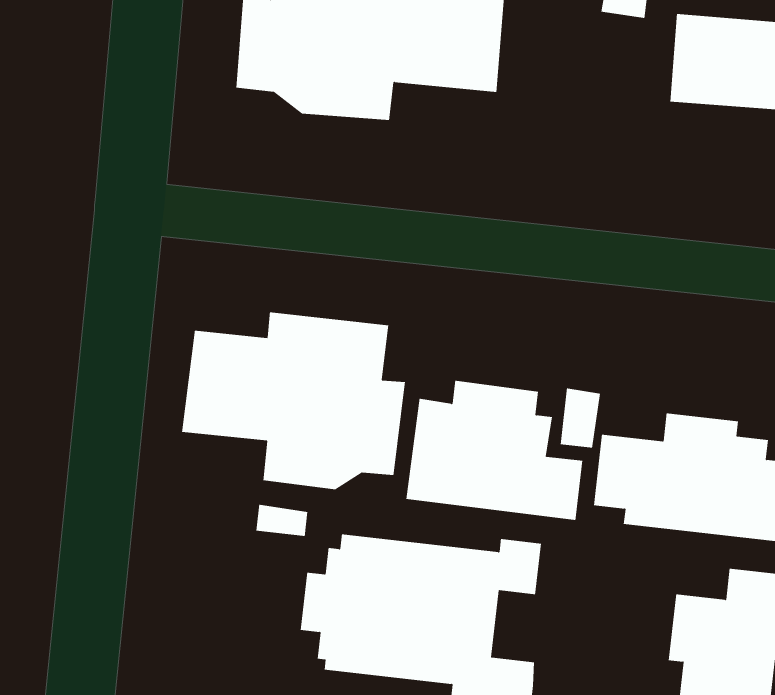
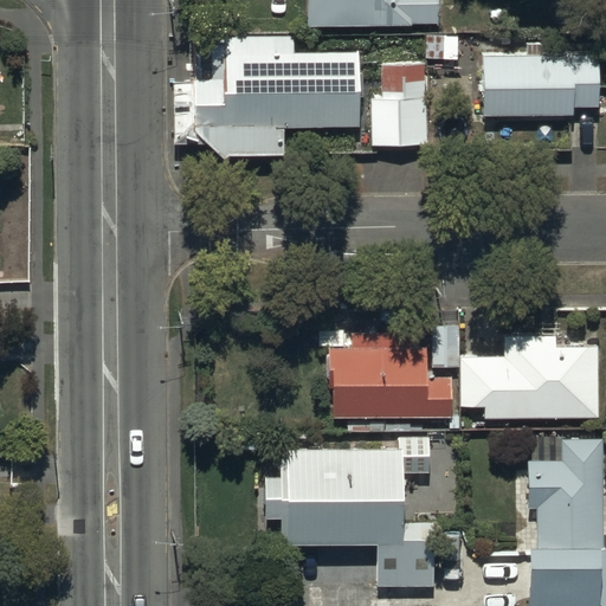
building: none -> [372,64,428,146]
building: [182,312,406,490] -> none

